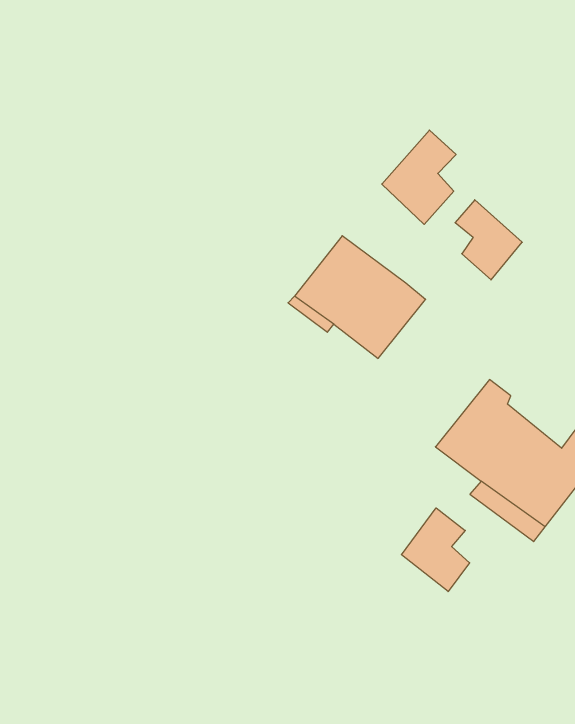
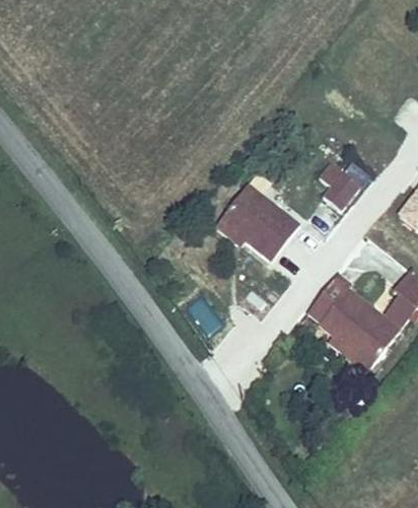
building: [382,130,456,224] -> none
building: [401,508,470,592] -> none

